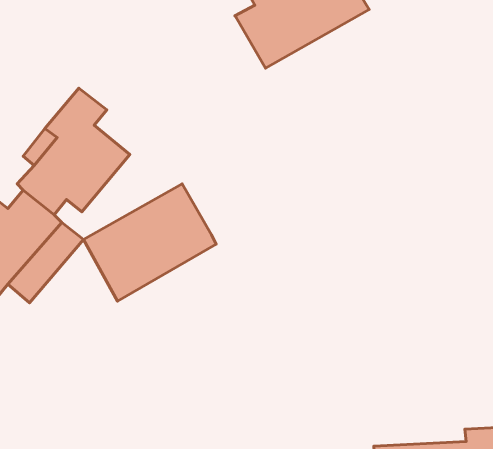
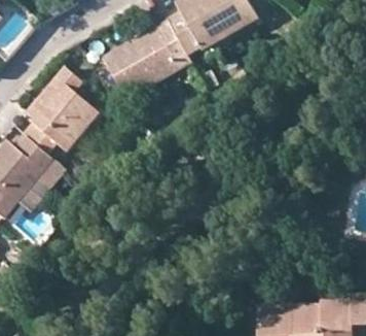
building: [84,184,216,301] -> [102,21,190,99]

